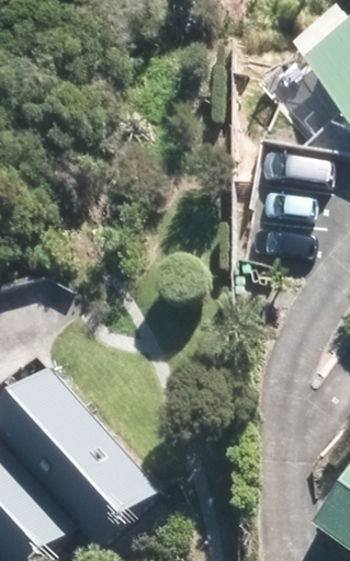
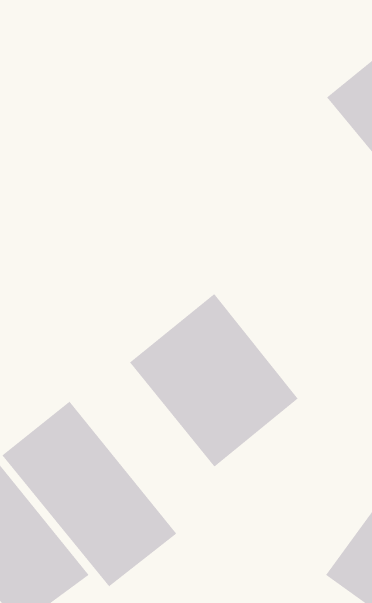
building: none -> [129,293,298,468]

